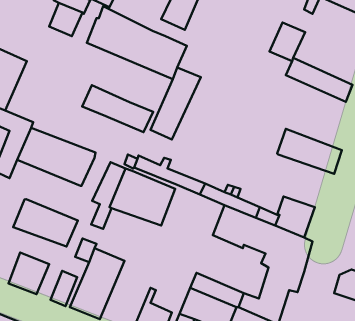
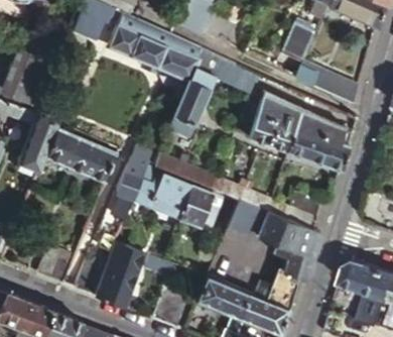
building: [82,85,153,132] -> [193,50,260,95]
building: none -> [248,93,354,151]
building: none -> [178,185,224,231]
building: [13,199,78,247] -> none

